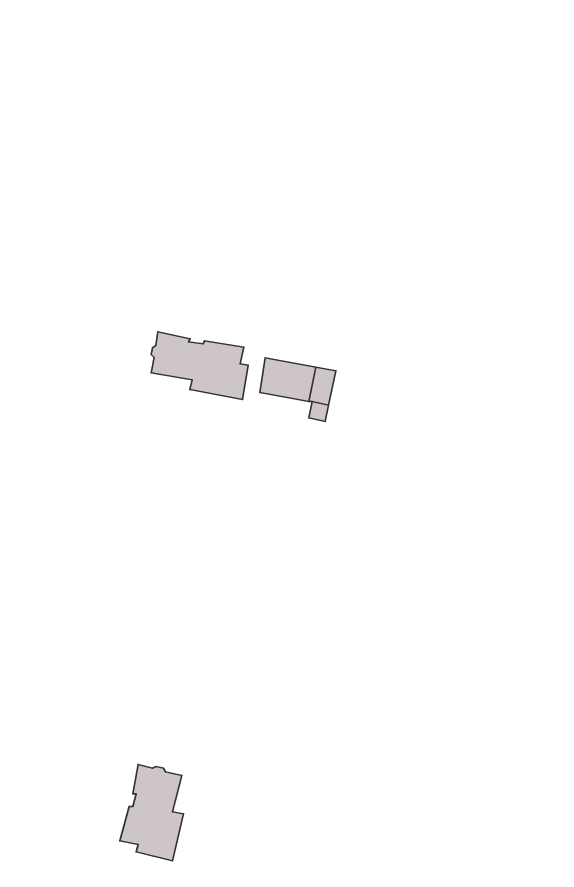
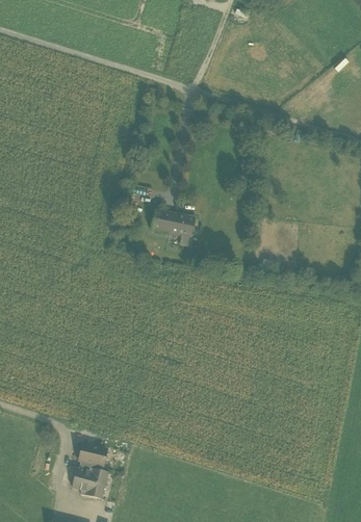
building: [151,332,248,399] -> none

